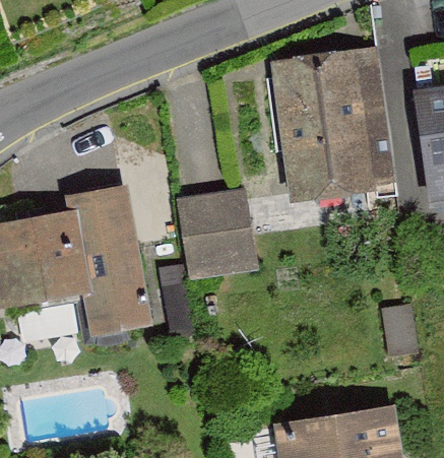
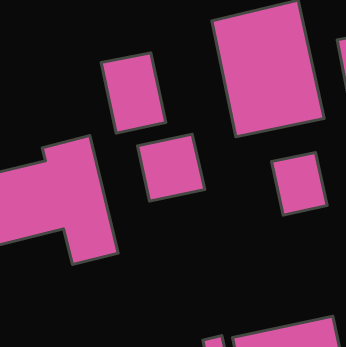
building: none -> [101,53,166,133]
building: none -> [271,153,327,215]

